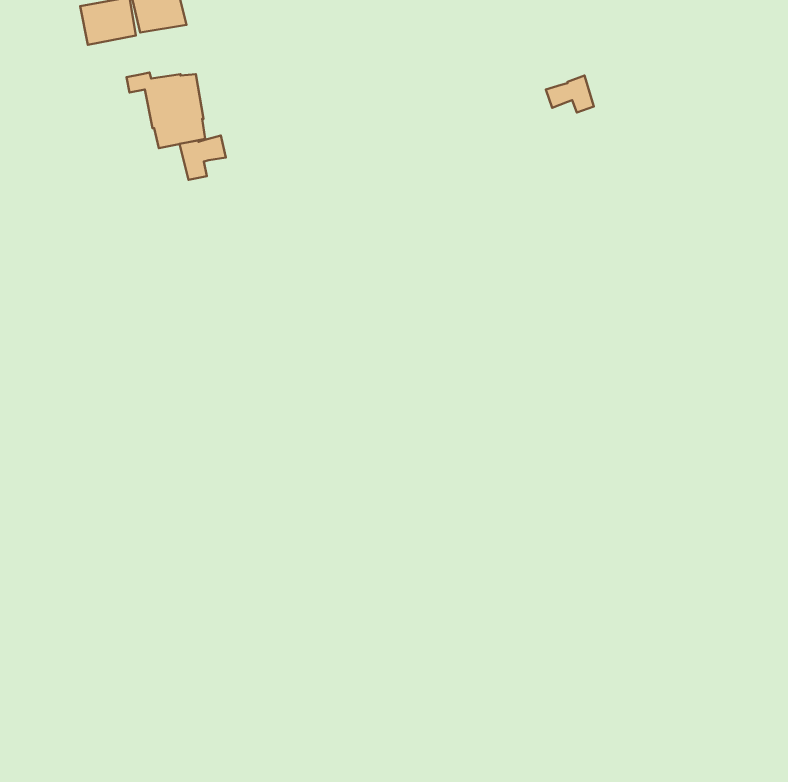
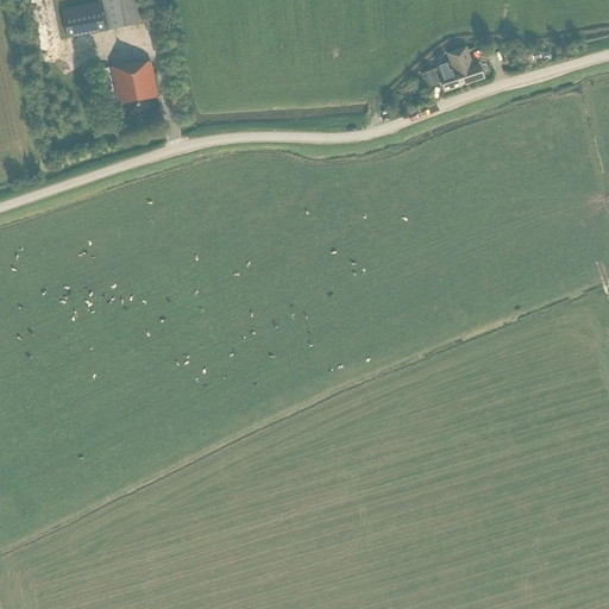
building: none -> [447,44,483,82]
building: [179,136,226,180] -> none

